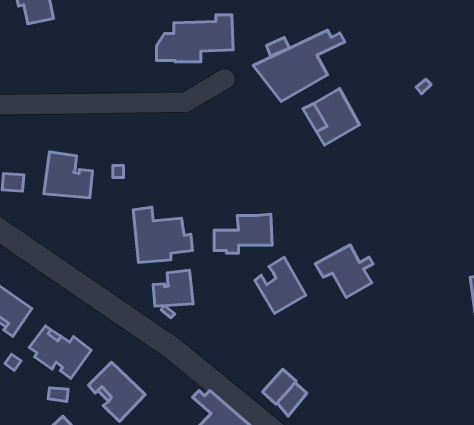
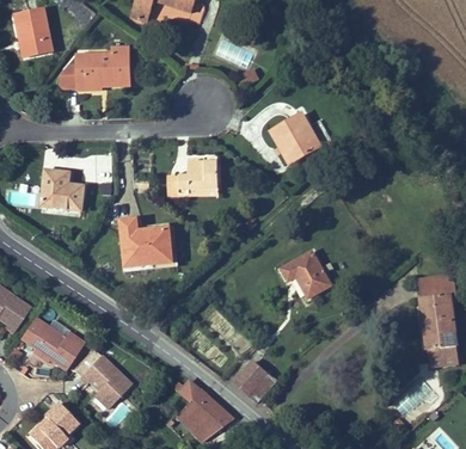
building: [156,15,233,62] -> [61,47,129,88]
building: [253,30,345,102] -> none
building: [214,214,272,253] -> [167,160,219,195]
building: [255,257,306,313] -> none
building: [153,270,193,306] -> none

